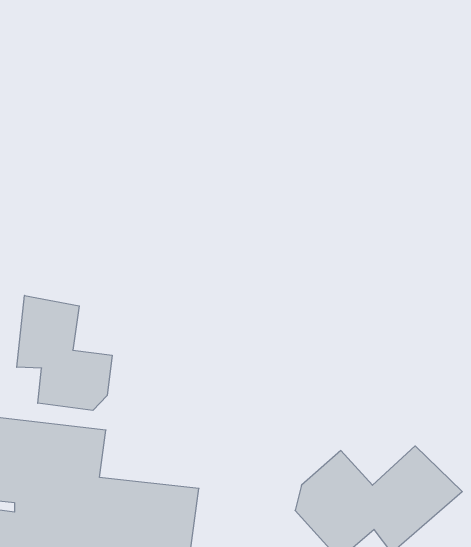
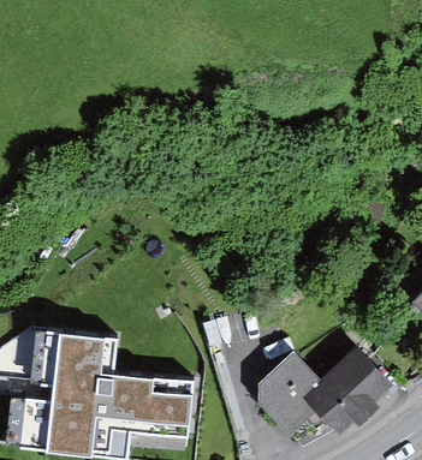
building: [17,295,112,410] -> none

